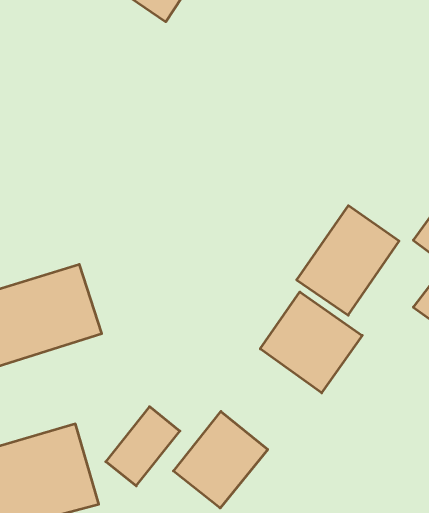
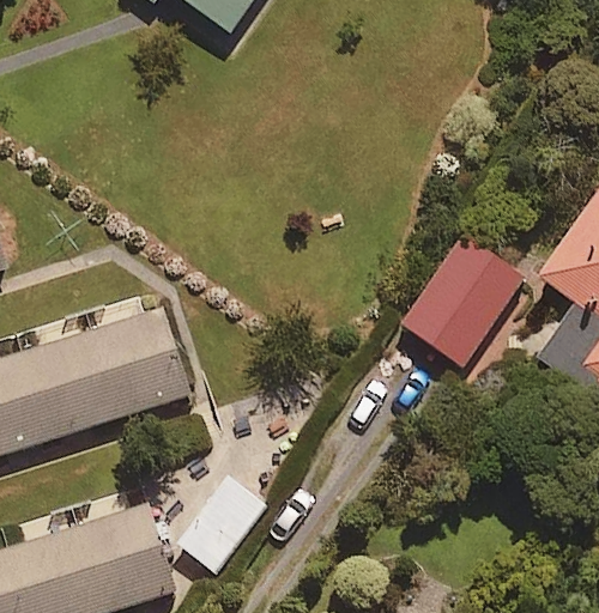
building: [260,292,362,393] -> none
building: [173,411,268,508] -> none

